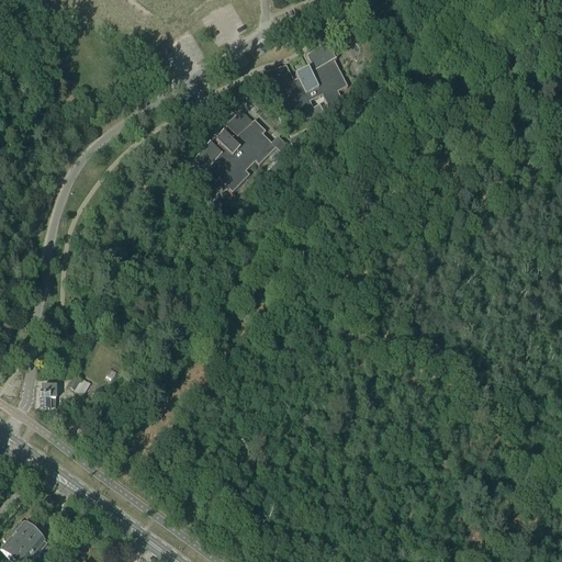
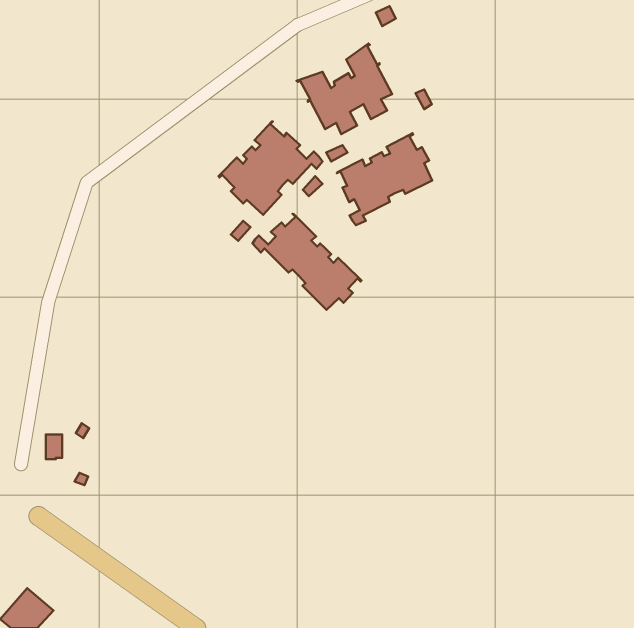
building: none -> [337,133,432,225]
building: none -> [253,214,362,310]

